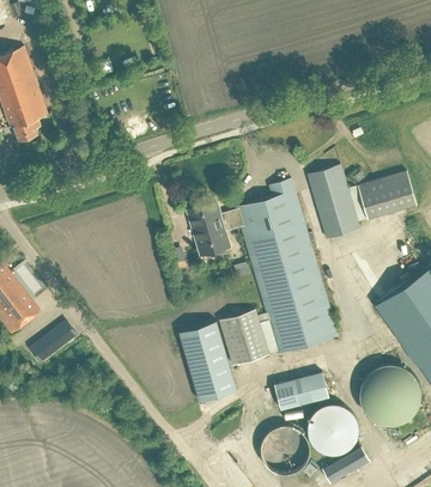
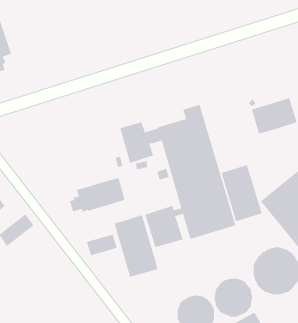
building: [306,165,360,239] -> [221,164,262,222]
building: none -> [69,177,126,213]
building: none -> [86,234,118,256]
building: [275,372,329,410] -> none

